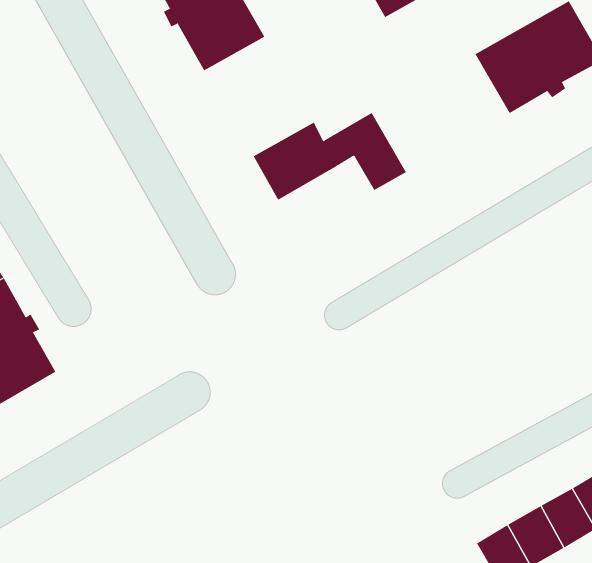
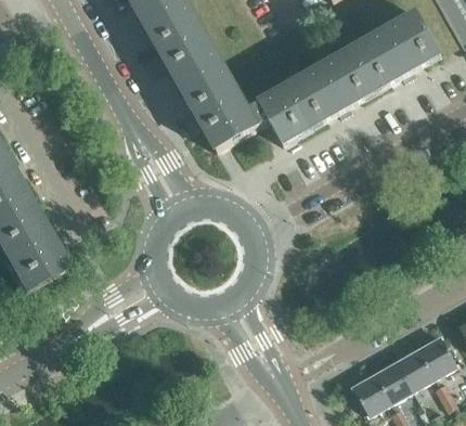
building: none -> [166,35,242,117]
building: none -> [282,47,376,128]

